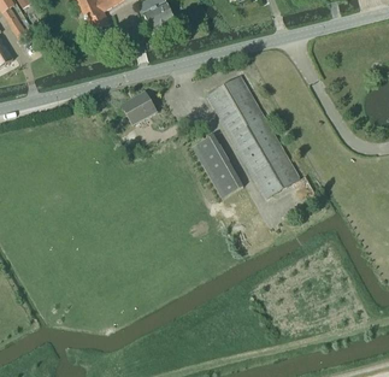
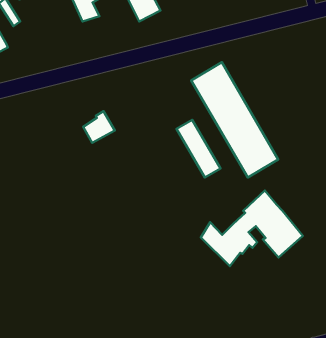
building: [123,90,157,124] -> [83,111,115,143]
building: none -> [201,191,303,266]

